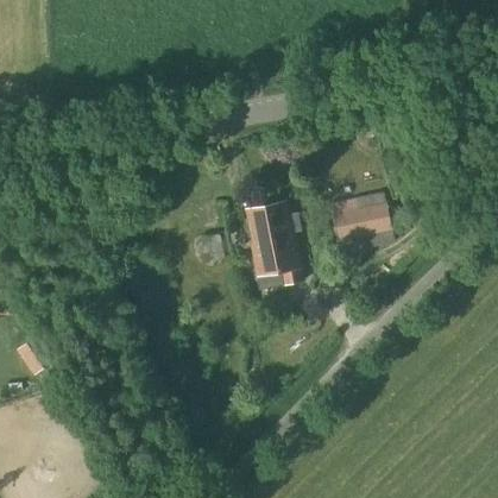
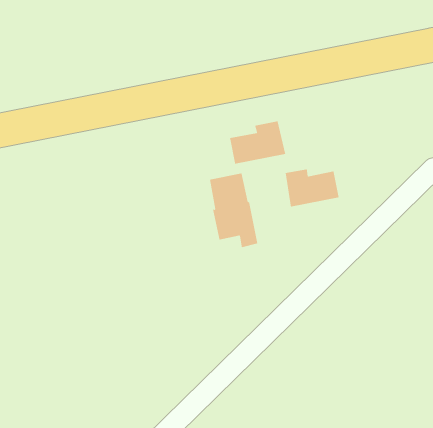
building: none -> [230,121,286,164]

